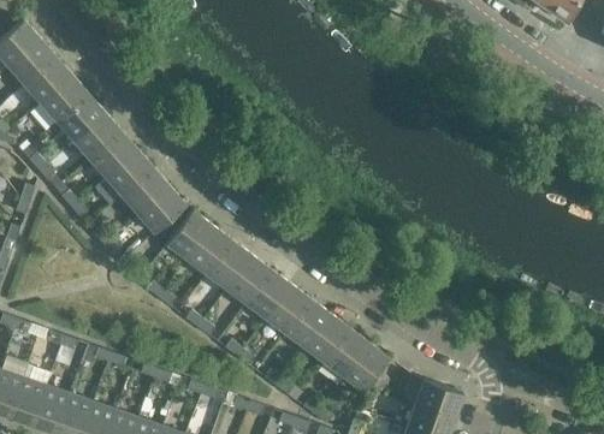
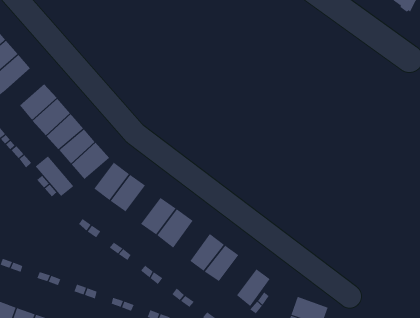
building: [55,93,103,139] -> none
building: none -> [35,156,74,197]
building: [207,240,250,289] -> none
building: [267,285,313,335] -> none
building: [325,328,372,379] -> none

